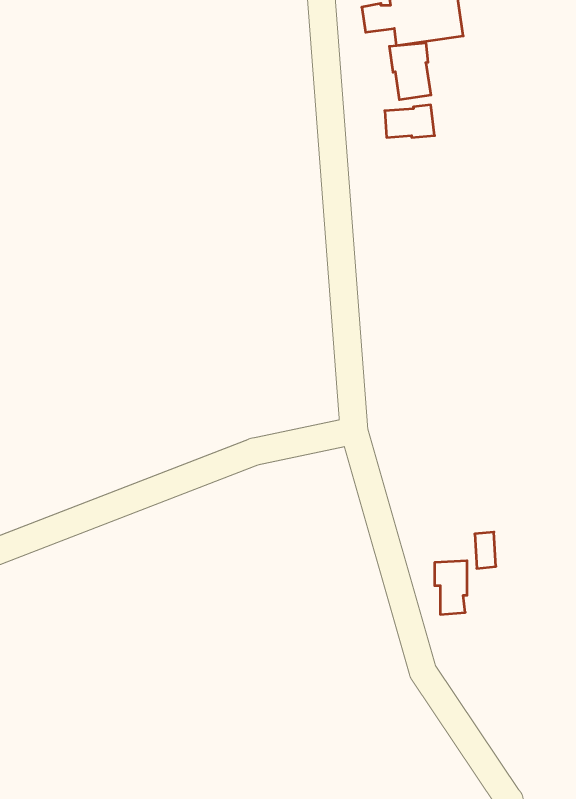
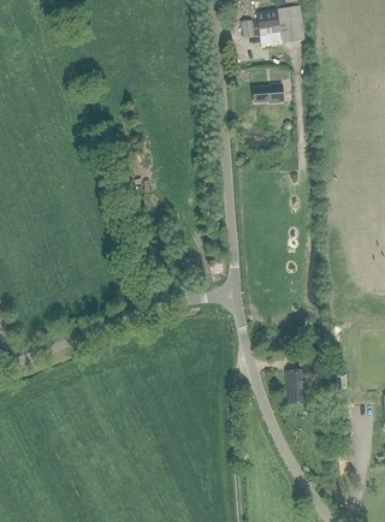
building: [389,43,431,100] -> none

